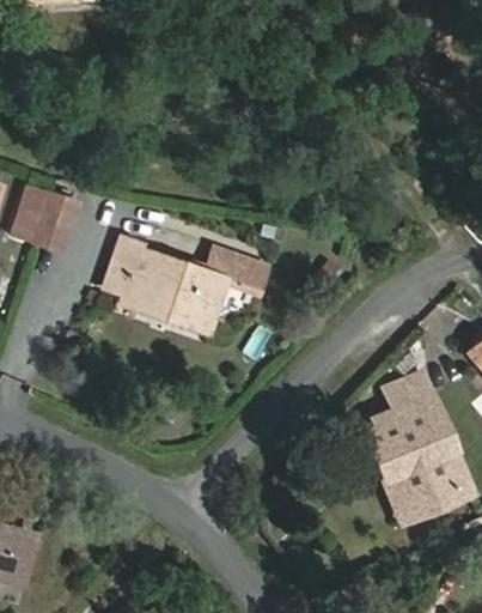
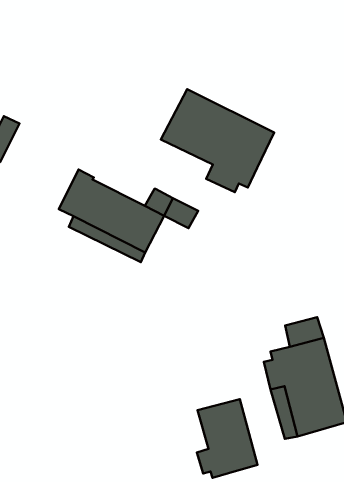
building: none -> [161,89,274,192]
building: [36,194,79,251] -> none
building: none -> [197,399,258,478]

